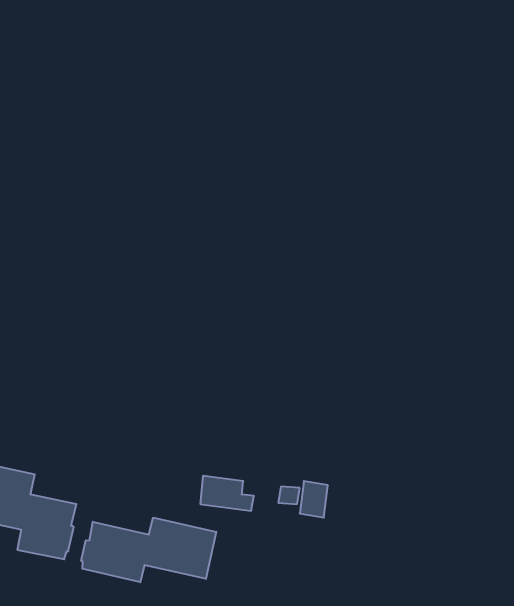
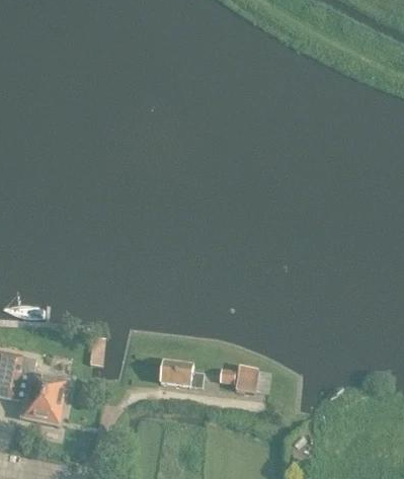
building: [81,518,216,582] -> none

